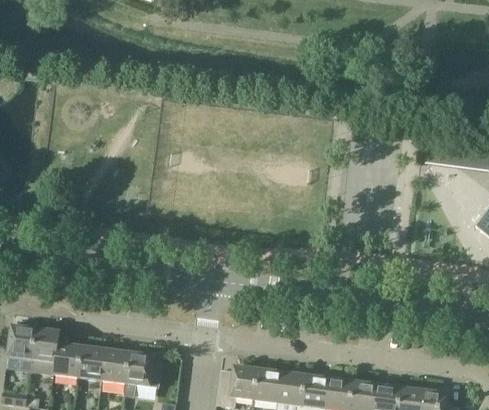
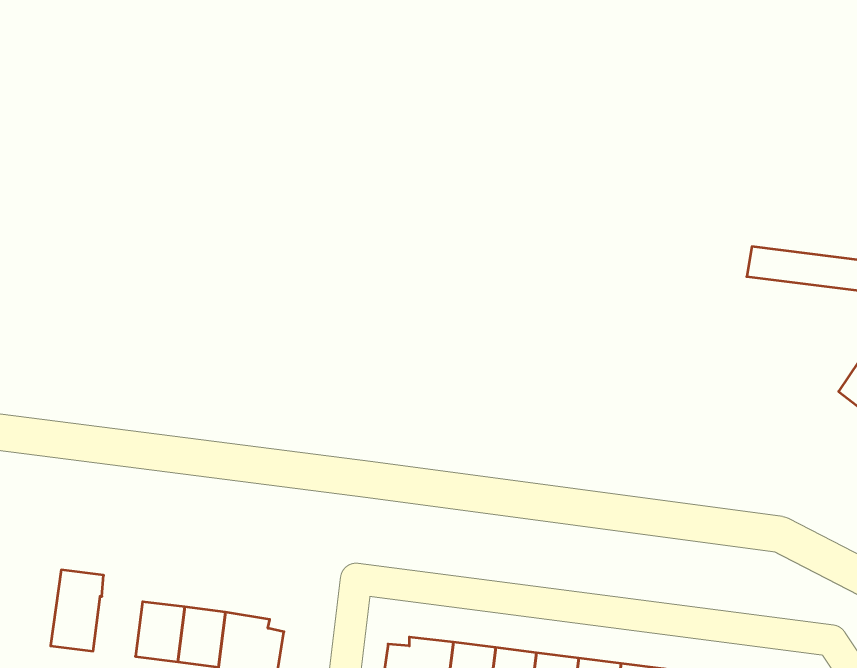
building: [7,320,36,371] -> none
building: [54,343,82,377] -> none

